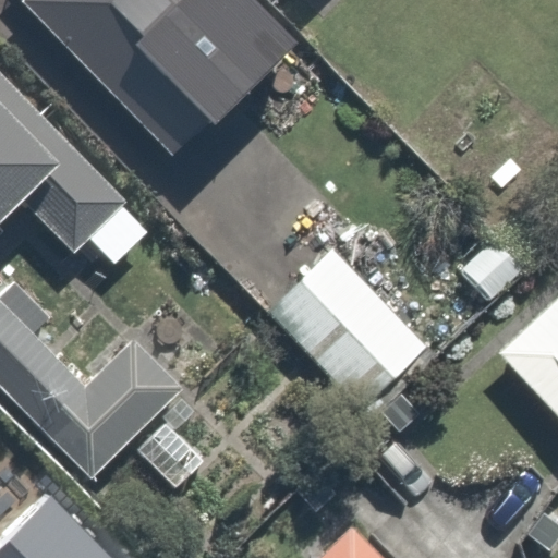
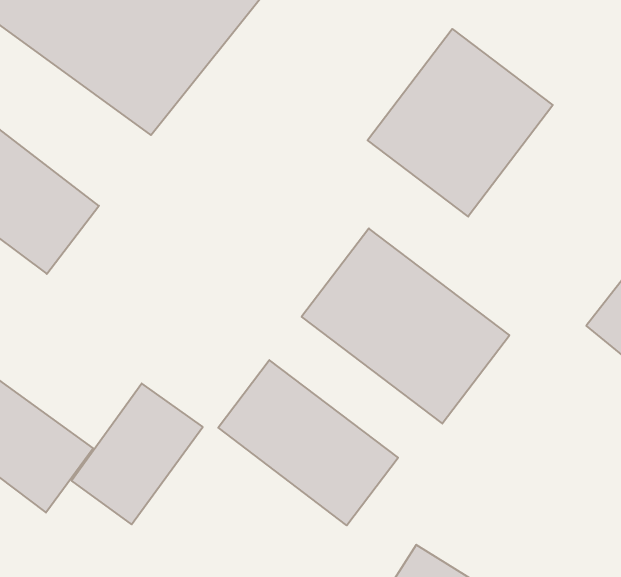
building: none -> [368,29,553,217]
building: none -> [218,360,398,525]

